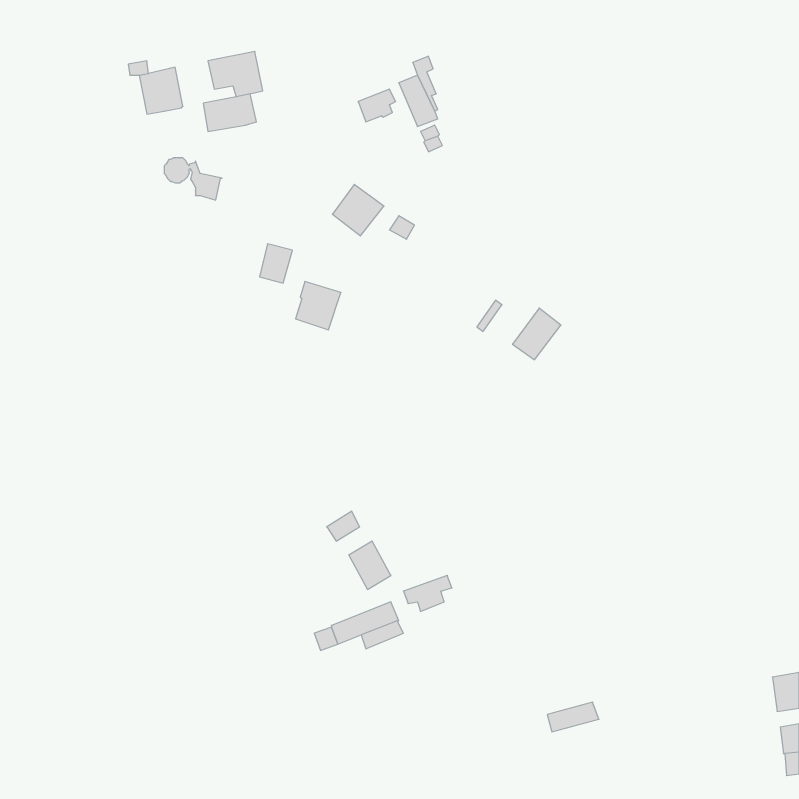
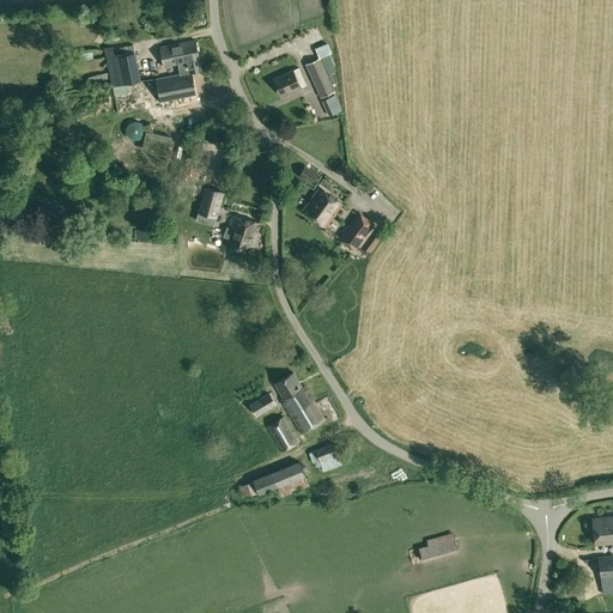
building: [332,184,384,236] -> [303,187,342,226]
building: [512,308,561,360] -> [338,211,375,250]
building: none -> [275,372,324,432]

